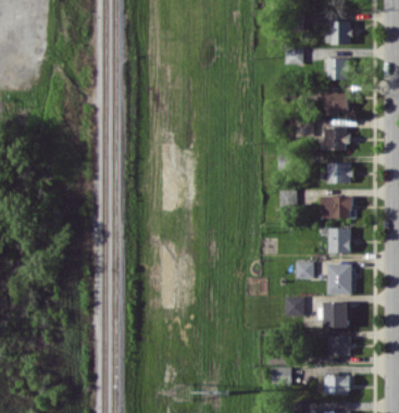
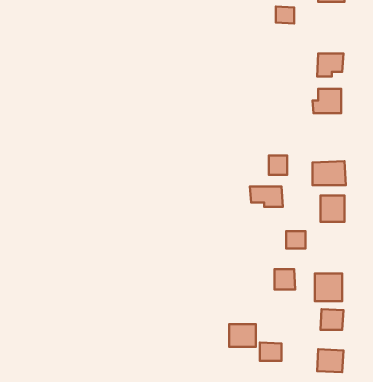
building: [327,59,348,80] -> none
building: [322,163,352,183] -> none
building: none -> [250,187,283,207]
building: [327,264,352,296] -> none
building: none -> [229,324,256,347]

